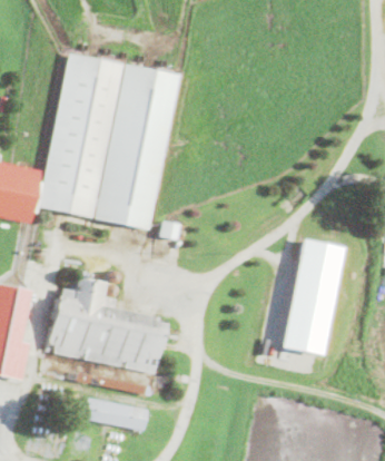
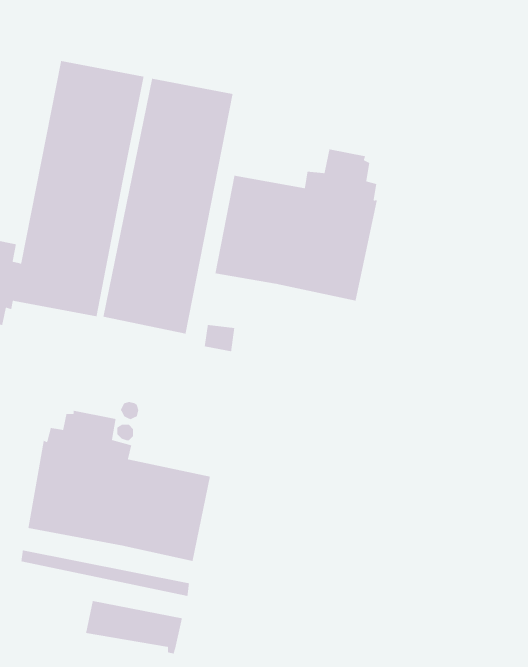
building: none -> [215,149,378,302]
building: [282,239,344,356] -> none

